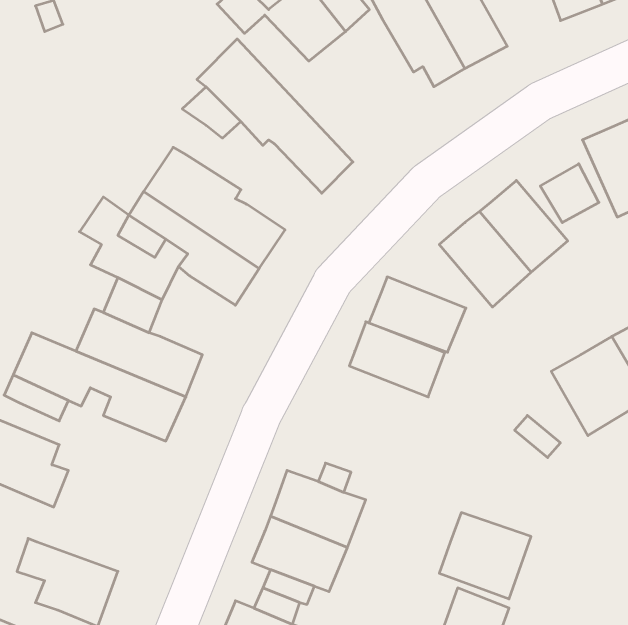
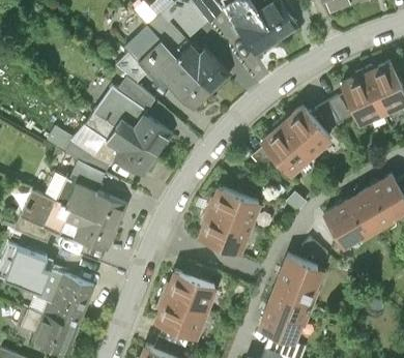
building: none -> [146,12,232,95]
building: none -> [117,74,157,111]
building: [369,277,466,352] -> [199,210,254,252]
building: none -> [272,255,325,306]
building: none -> [33,269,93,326]

